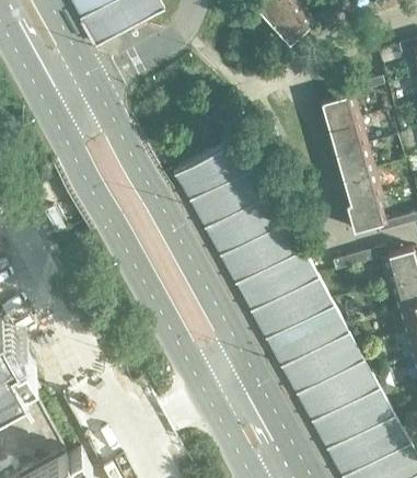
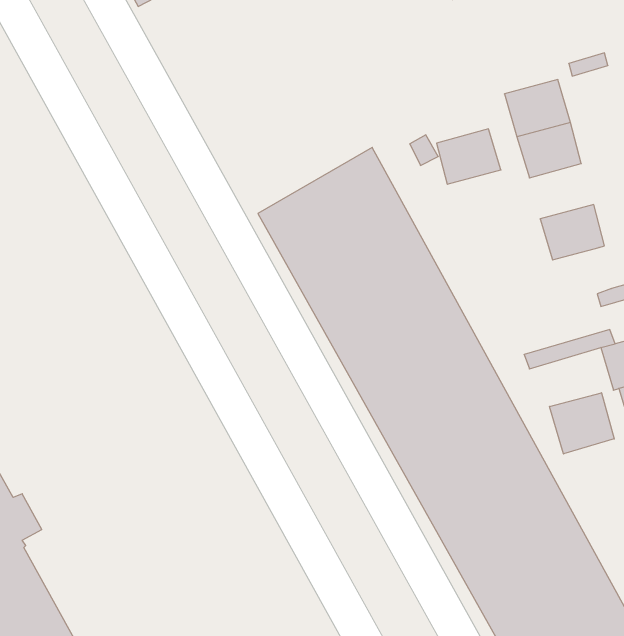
building: [336,144,375,178] -> [437,129,501,184]
building: [346,195,386,230] -> none
building: none -> [550,393,614,454]

